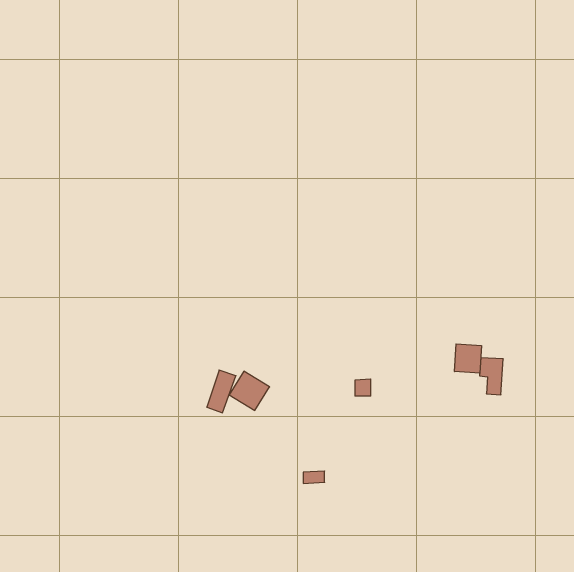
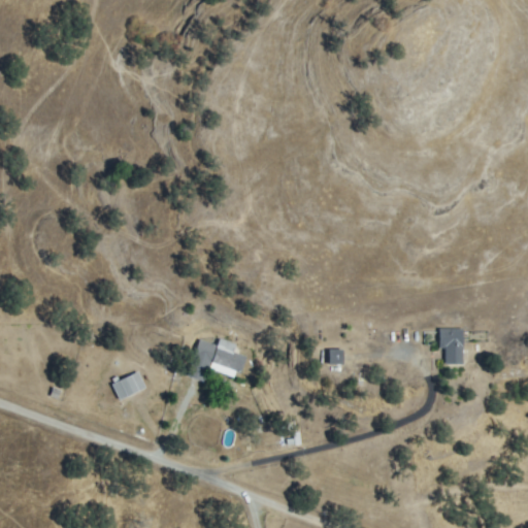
building: [455,344,481,373] -> none
building: none -> [114,373,144,399]

